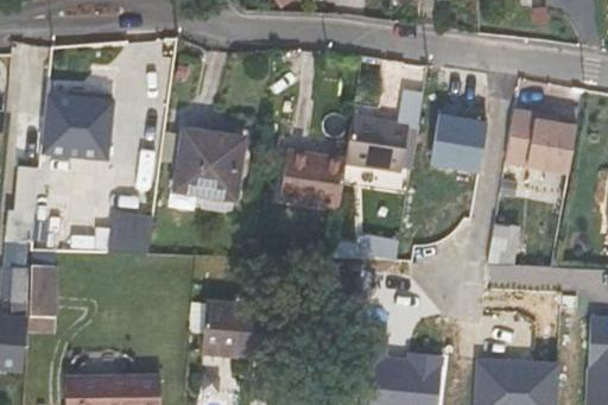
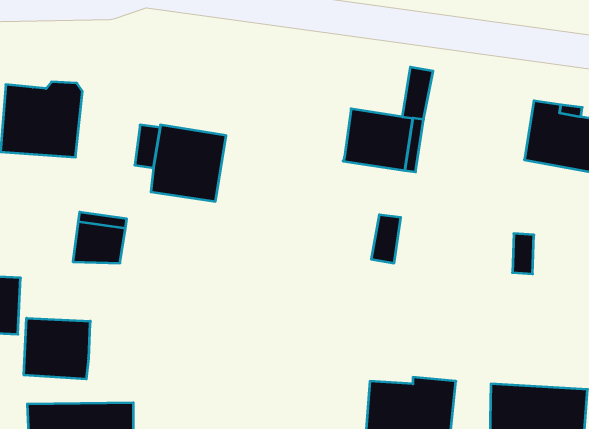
building: [431,115,487,173] -> none
building: [280,150,346,207] -> none
building: none -> [24,318,90,379]
building: [203,300,273,356] -> none

